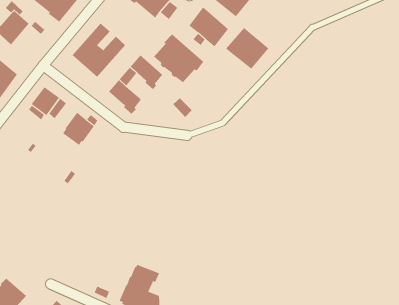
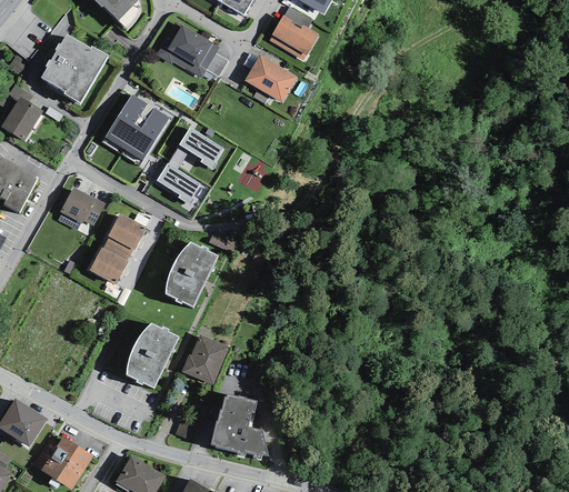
building: [225,27,269,69] -> none
building: [153,33,204,83] -> none
building: none -> [89,242,130,283]
building: none -> [166,242,218,305]
building: none -> [127,323,179,386]
building: none -> [181,334,229,384]

